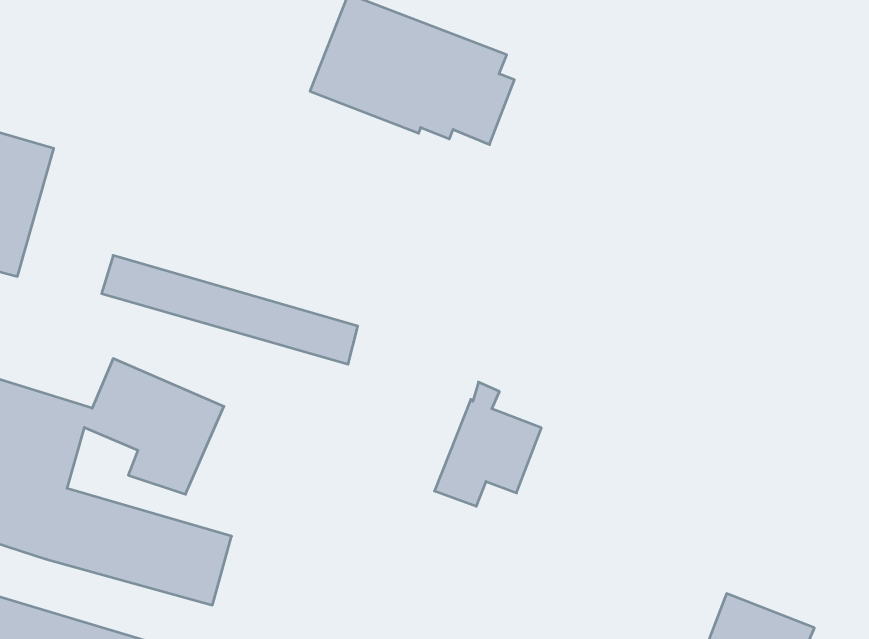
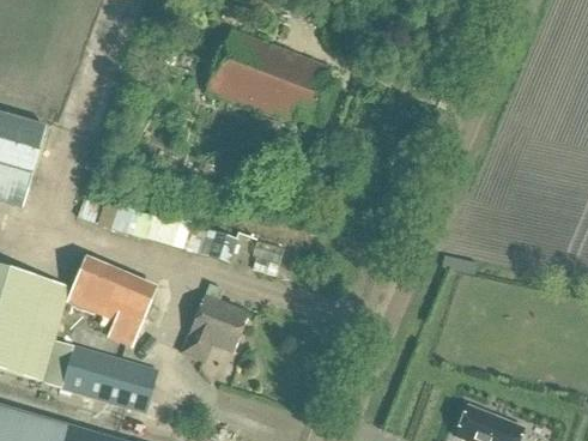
building: [434,382,541,506] -> [181,282,248,360]

